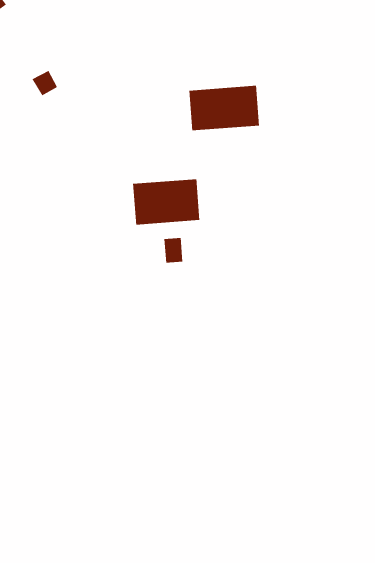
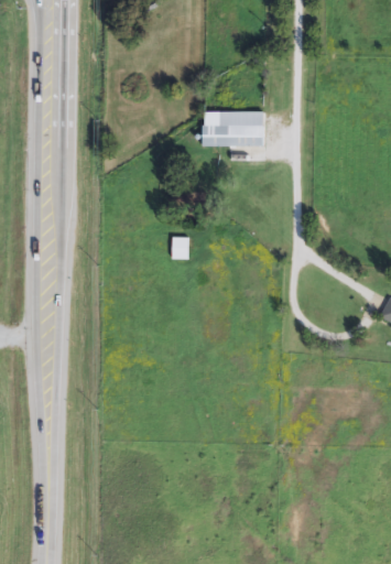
building: [133,178,200,225] -> none

